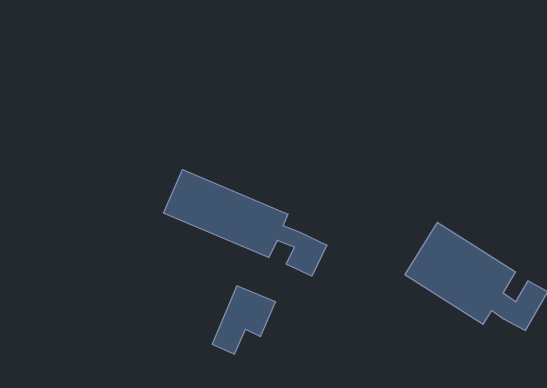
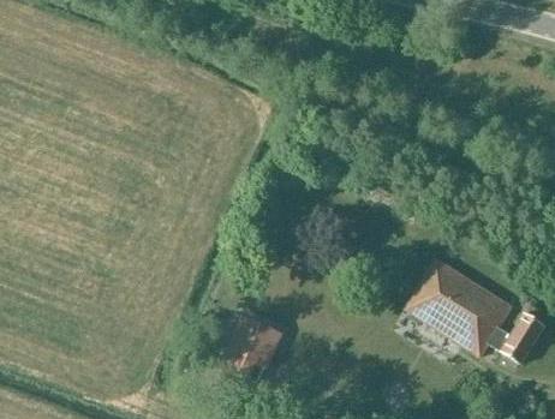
building: [163,170,327,276] -> none

